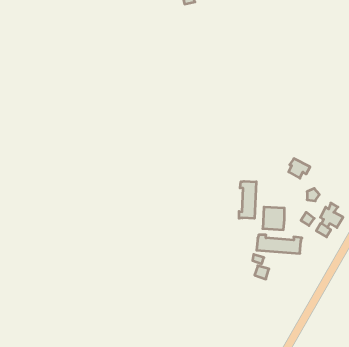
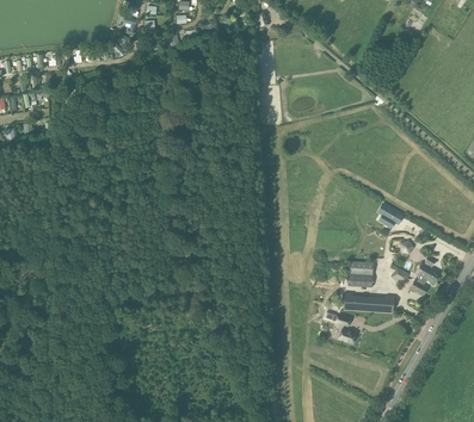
building: [239,181,256,218] -> none

